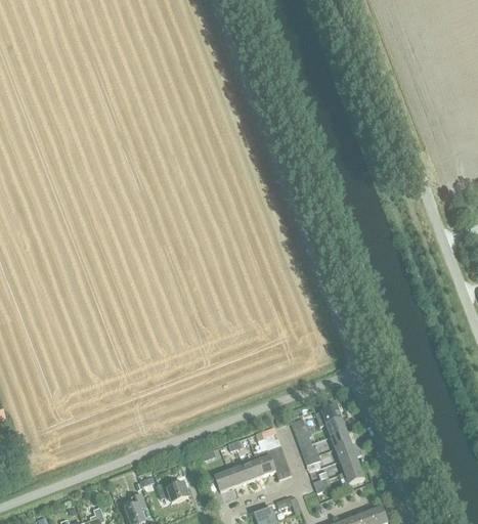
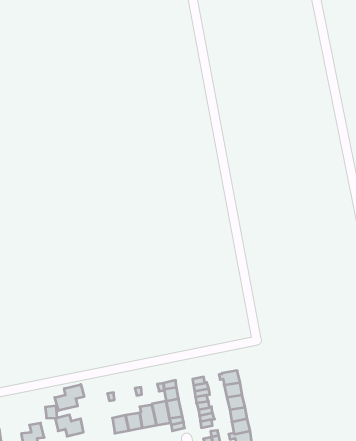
building: none -> [55,384,84,411]

